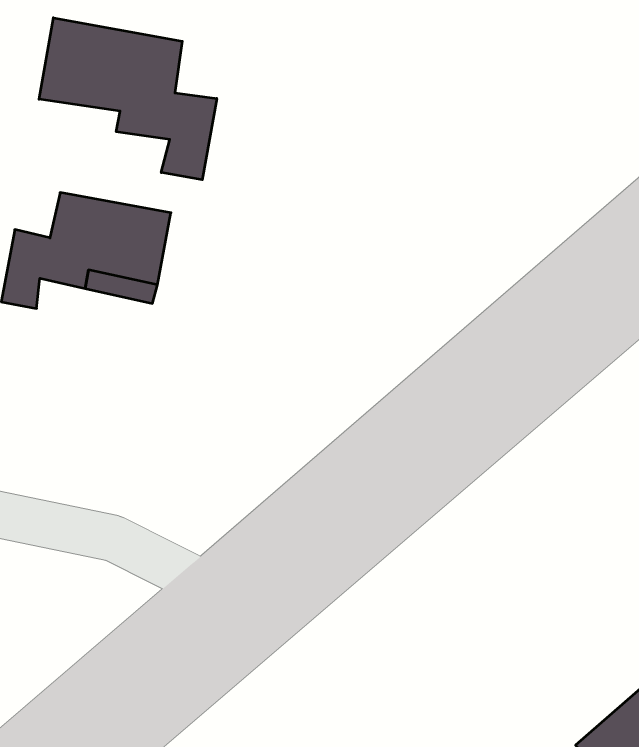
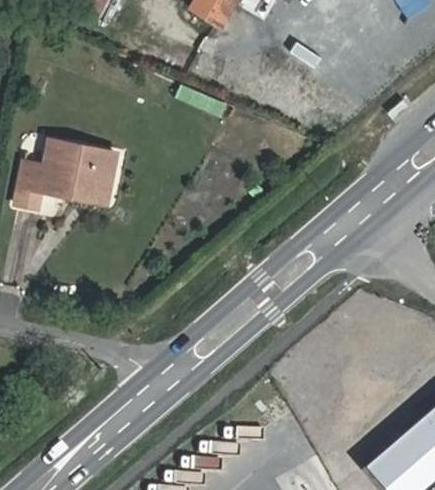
building: [39,18,217,180] -> none

